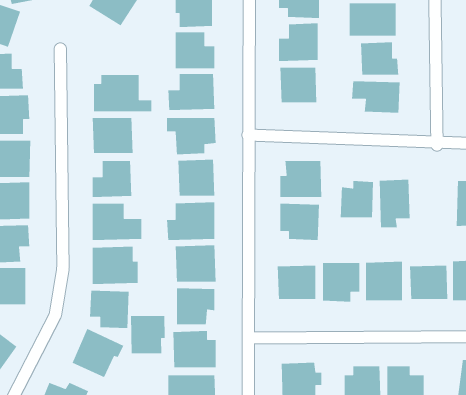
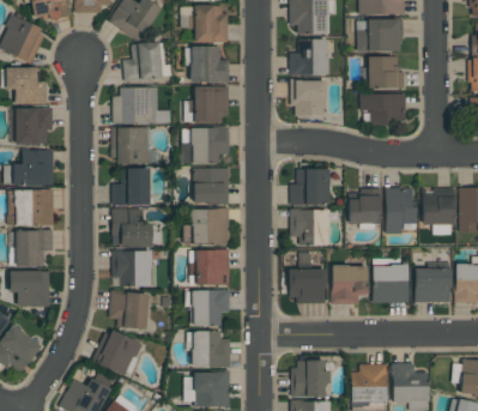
building: none -> [125,43,165,81]
building: none -> [423,188,454,235]
building: [130,315,166,354] -> none

